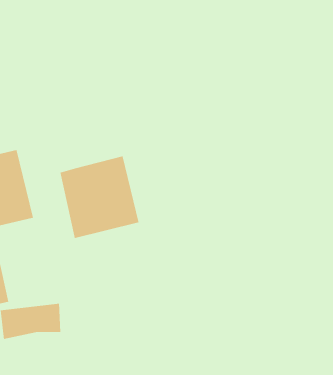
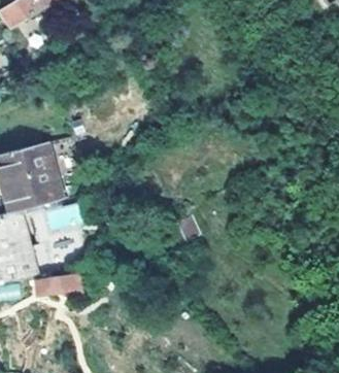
building: [60,156,139,239] -> none

